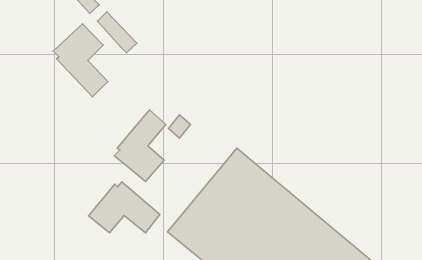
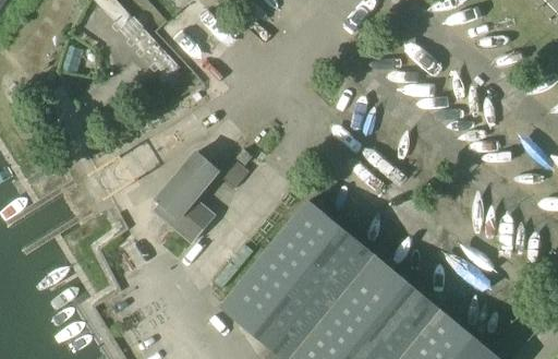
building: [53,24,108,97] -> none
building: [88,182,160,233] -> none

